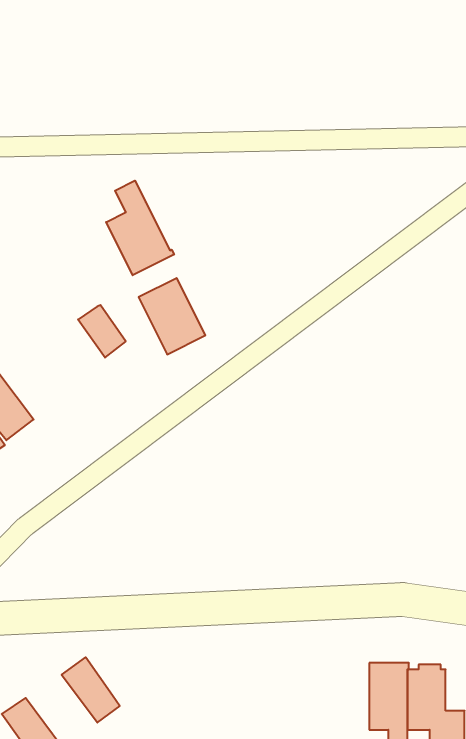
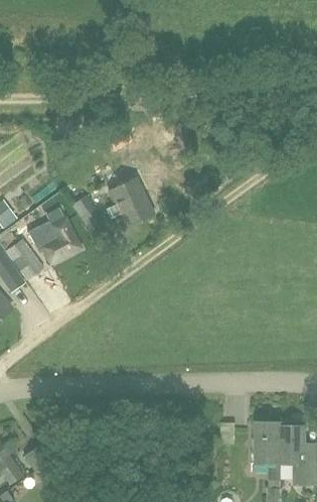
building: [106,181,174,275] -> none
building: none -> [27,217,82,263]
building: [62,657,120,723] -> none

